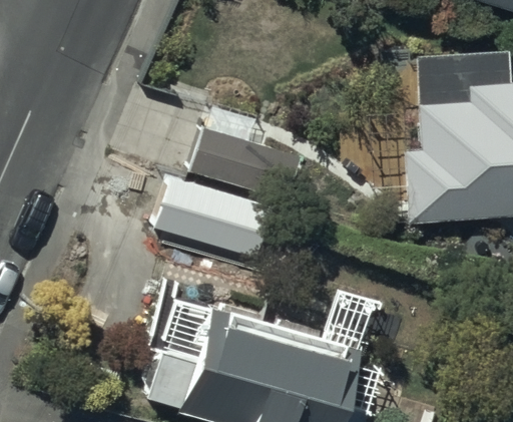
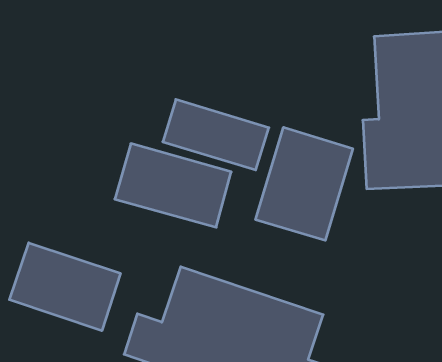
building: none -> [256,127,353,240]
building: none -> [9,243,120,331]

